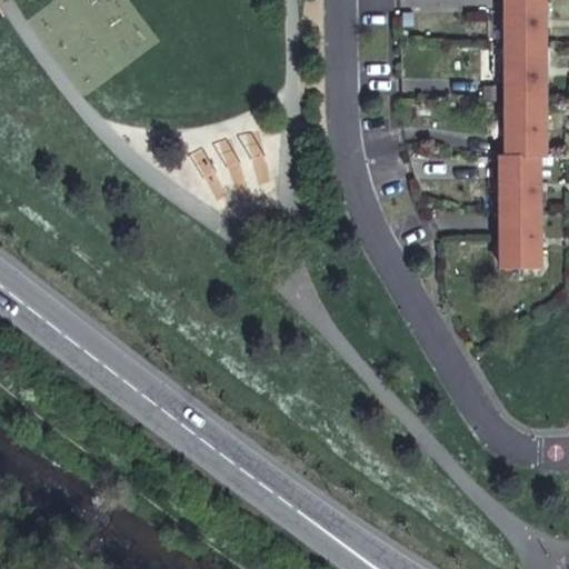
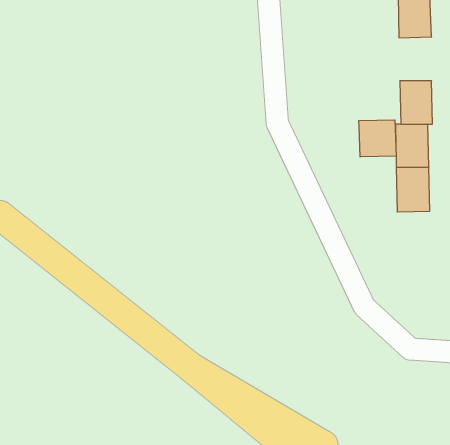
building: [503,47,545,102] -> none
building: none -> [359,120,396,157]

